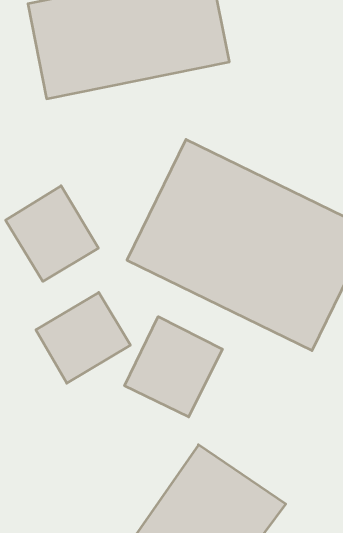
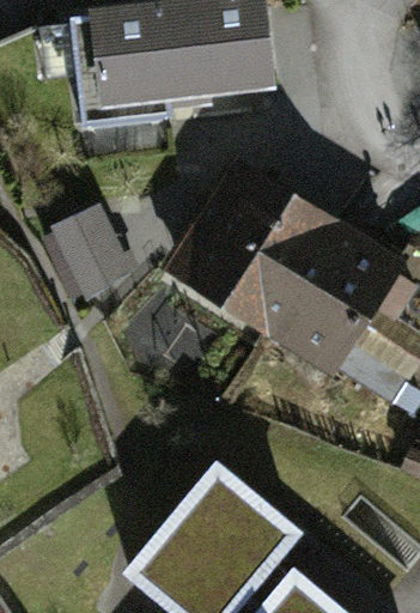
building: [36,292,130,383] -> none
building: [125,317,222,417] -> none

